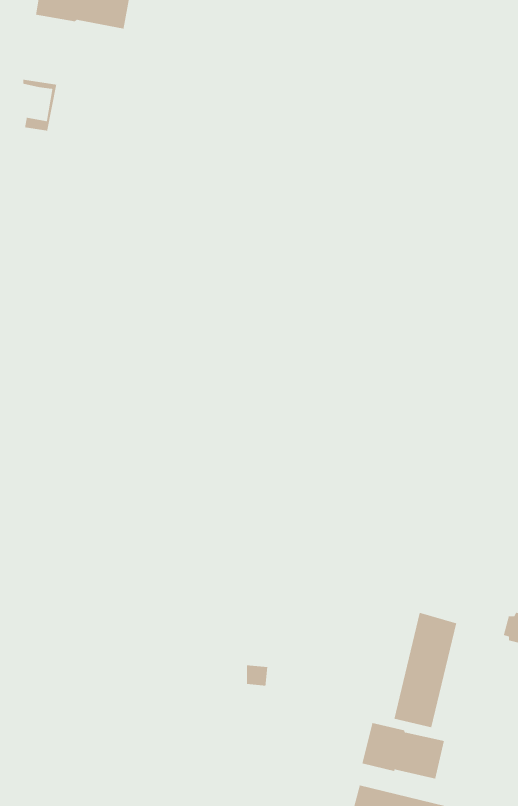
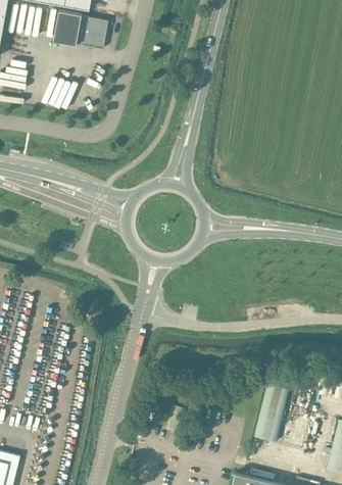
building: [362,722,445,779] -> none

